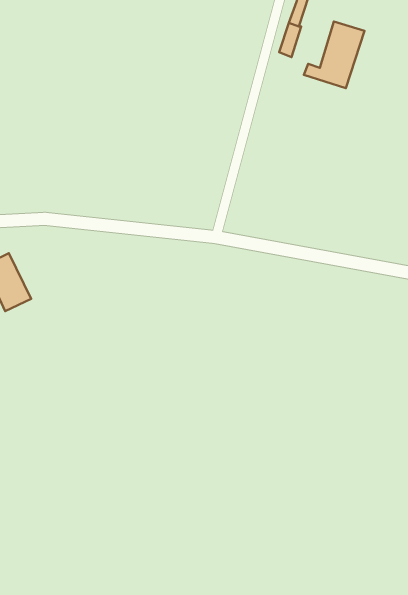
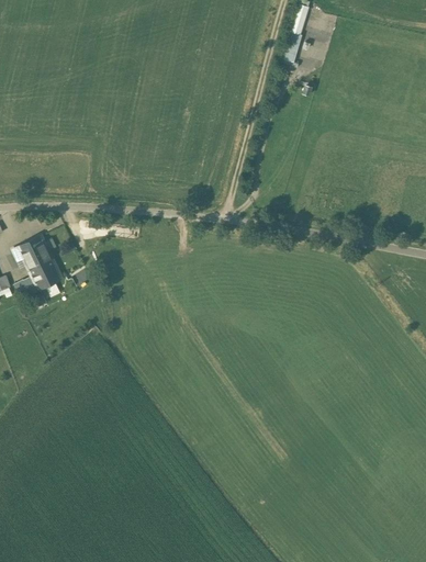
building: [304,21,364,88] -> none

